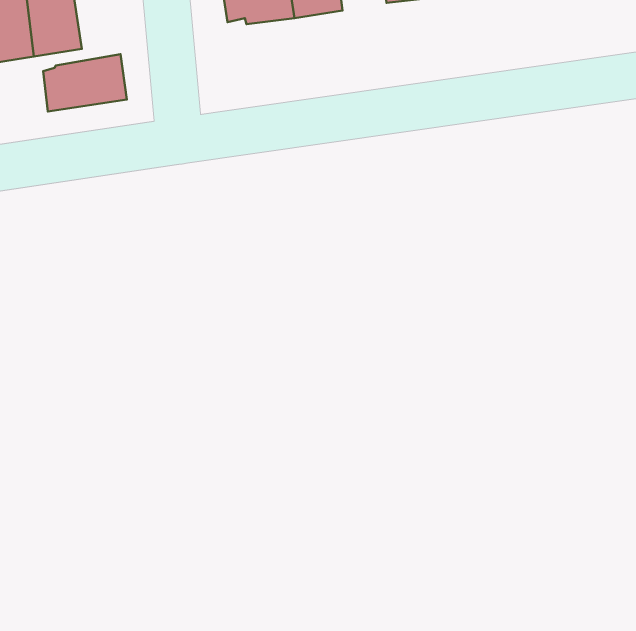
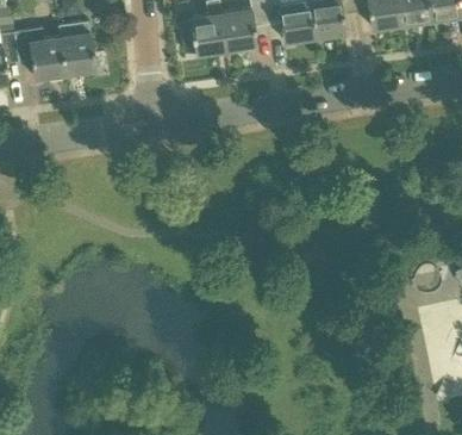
building: [43,54,127,111] -> none

